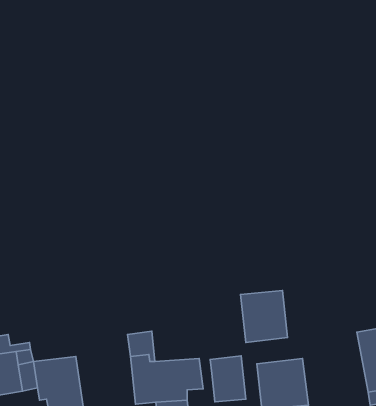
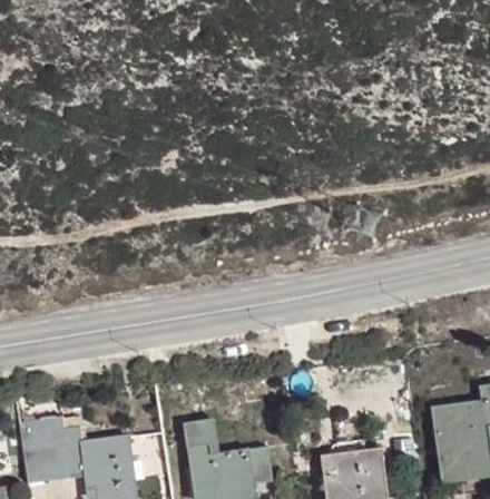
building: [240,291,288,343] -> none
building: [210,356,246,402] -> none

